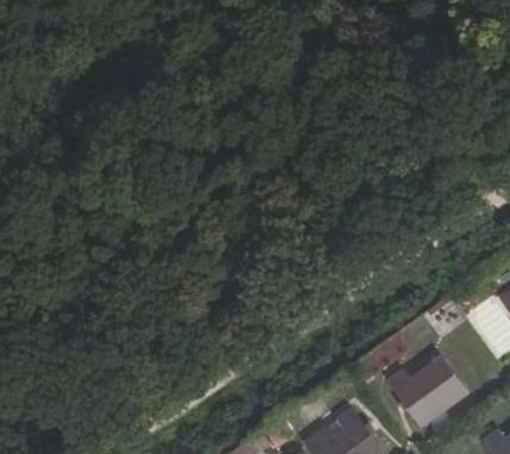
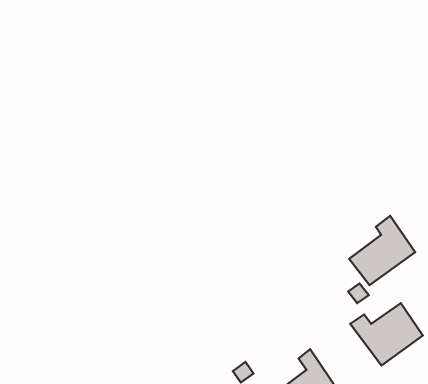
building: none -> [349,216,415,285]

